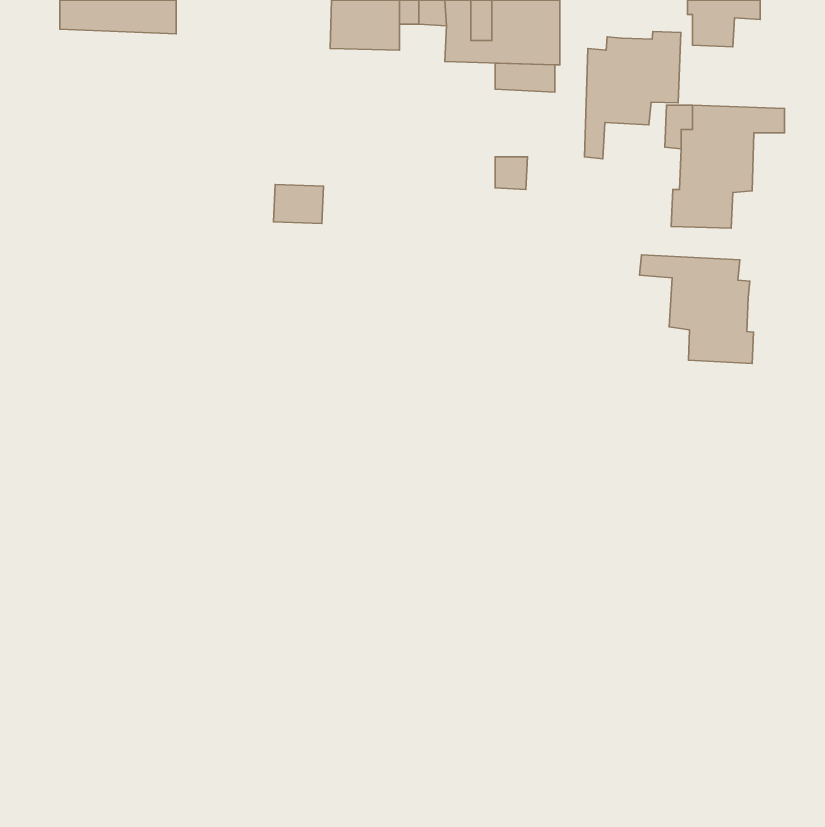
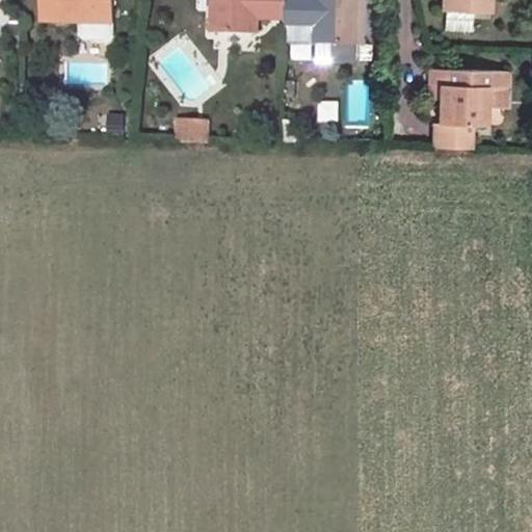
building: [584,32,681,159] -> none
building: [640,255,754,364] -> none

